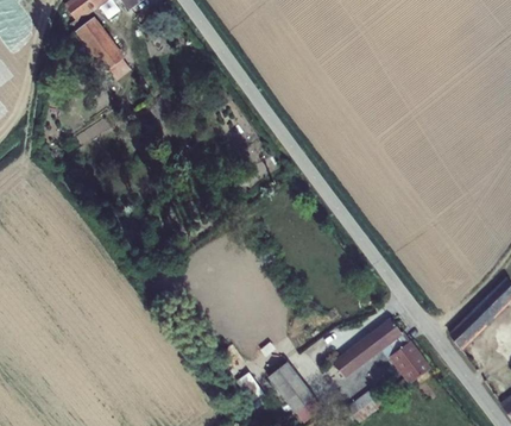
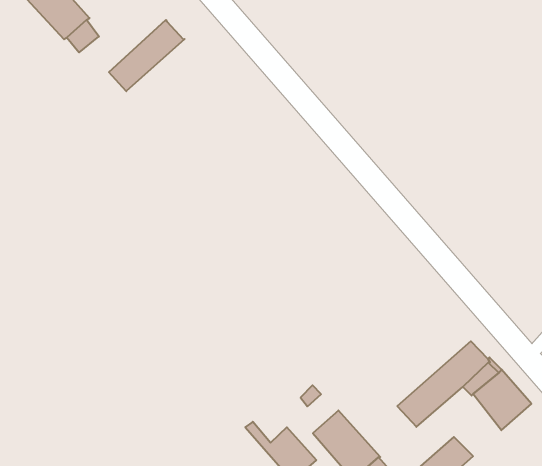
building: none -> [109,20,185,91]

